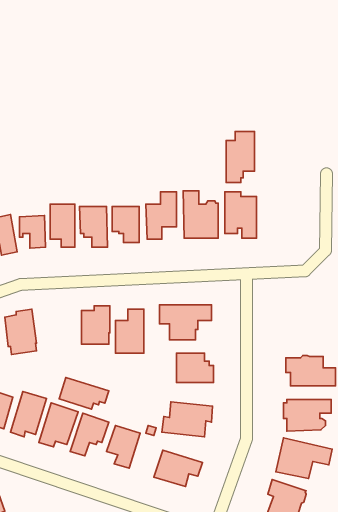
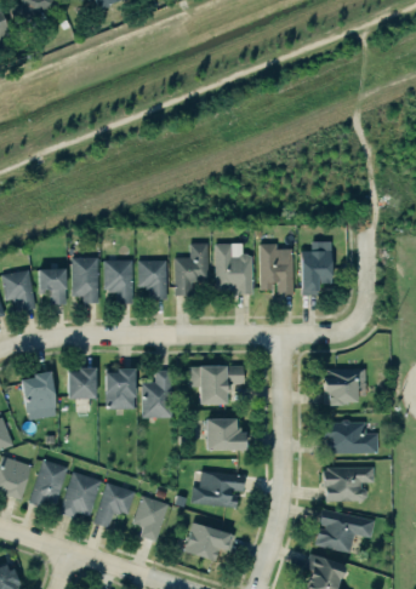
building: [226,132,254,182] -> [302,241,332,296]
building: none -> [69,367,98,399]
building: none -> [326,368,366,406]
building: [59,377,109,409] -> none

